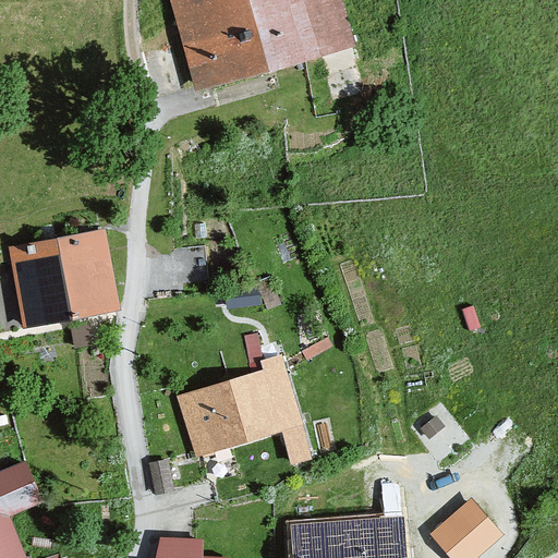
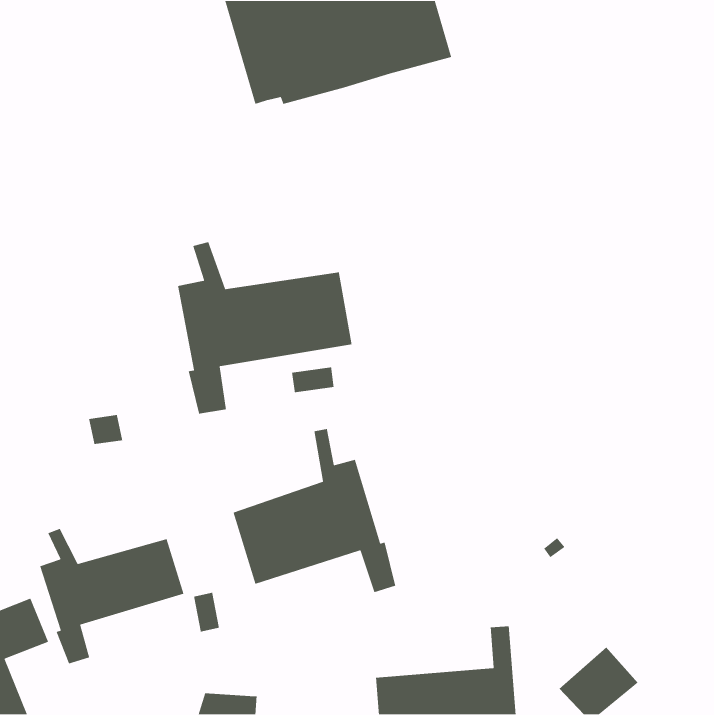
building: none -> [177,241,353,415]
building: [14,232,114,324] -> none
building: none -> [39,528,184,665]

